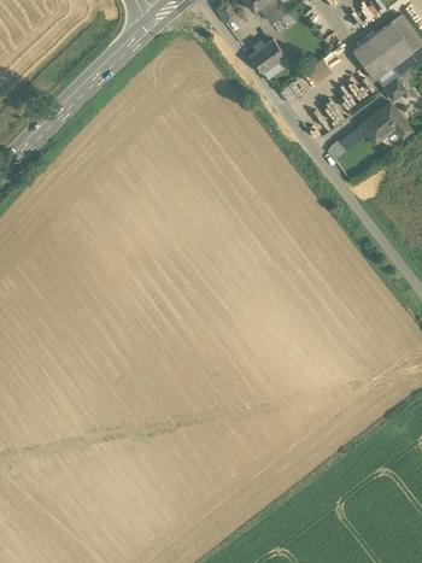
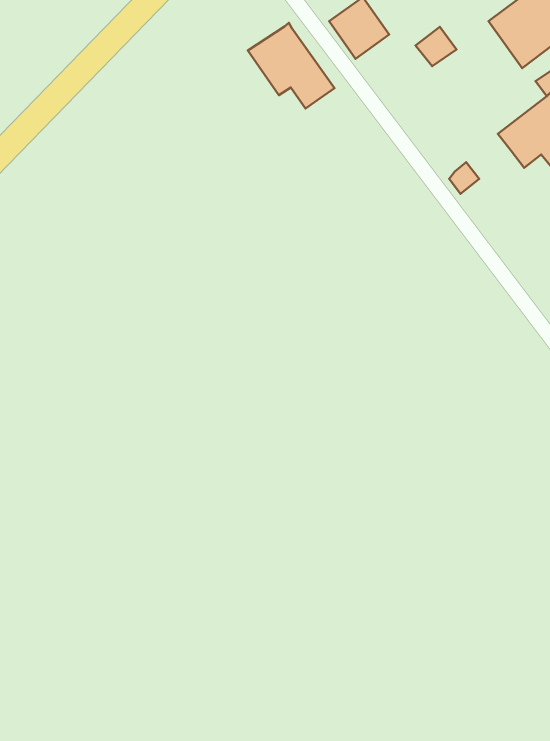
building: none -> [248,23,334,109]

